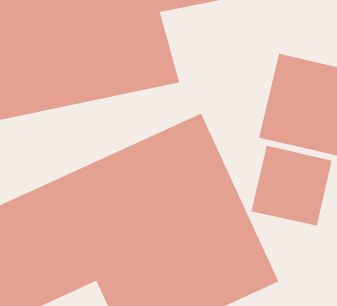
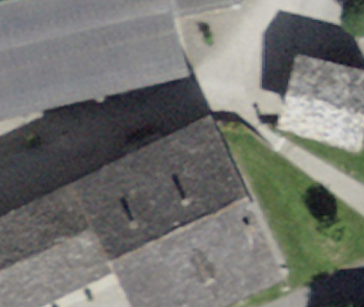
building: [251,145,332,227] -> none

